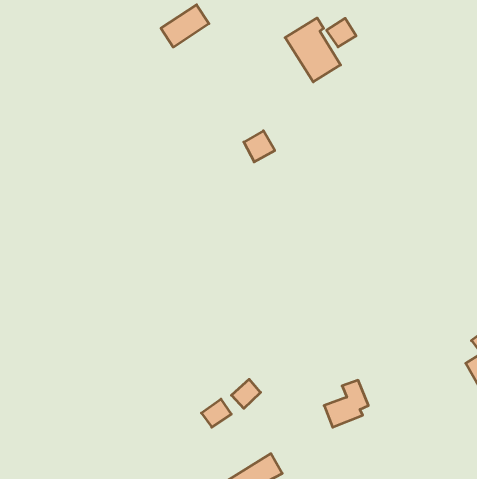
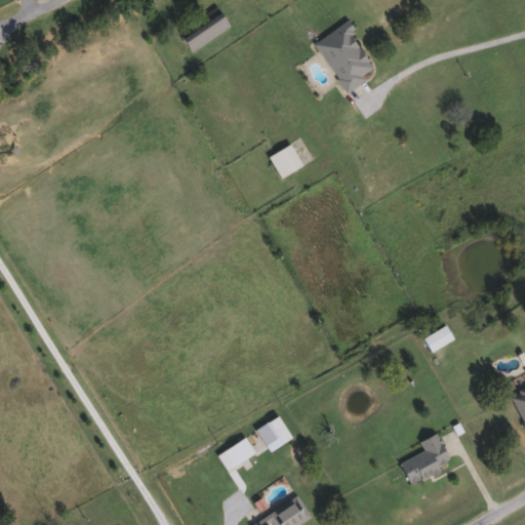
building: [327,18,356,47] -> none
building: none -> [423,325,454,352]
building: [324,380,368,427] -> [401,434,449,485]

